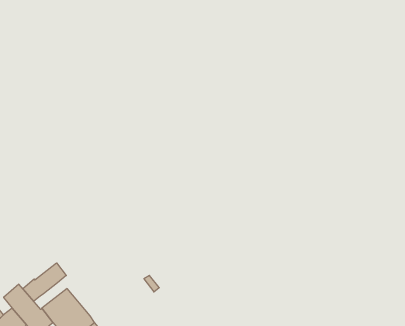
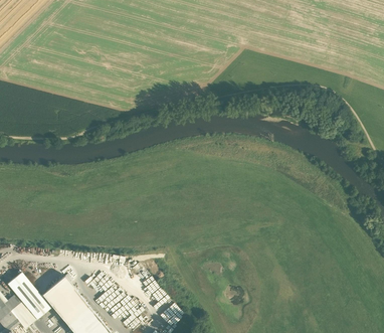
building: [23,263,66,301] -> none

